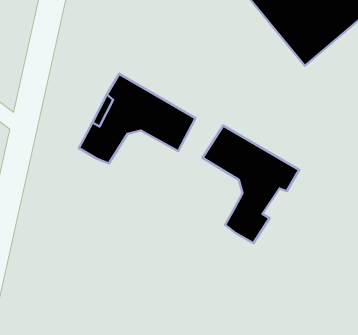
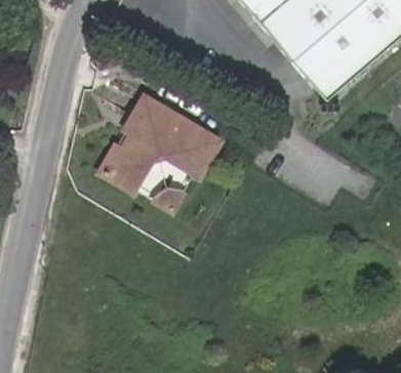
building: [203,126,299,243] -> none

